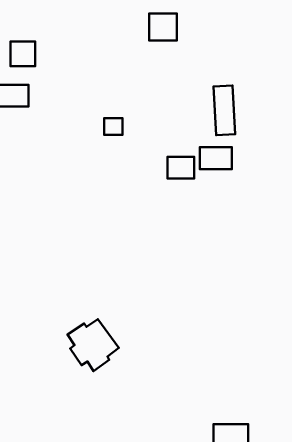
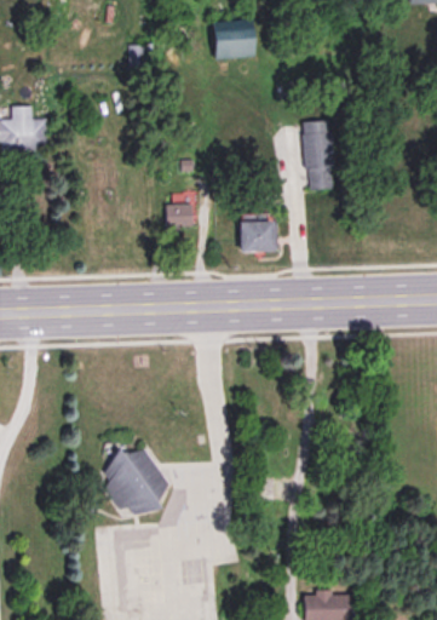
building: [10,42,35,66] -> none
building: [104,118,123,135] -> [167,203,192,226]
building: [200,147,232,169] -> none

